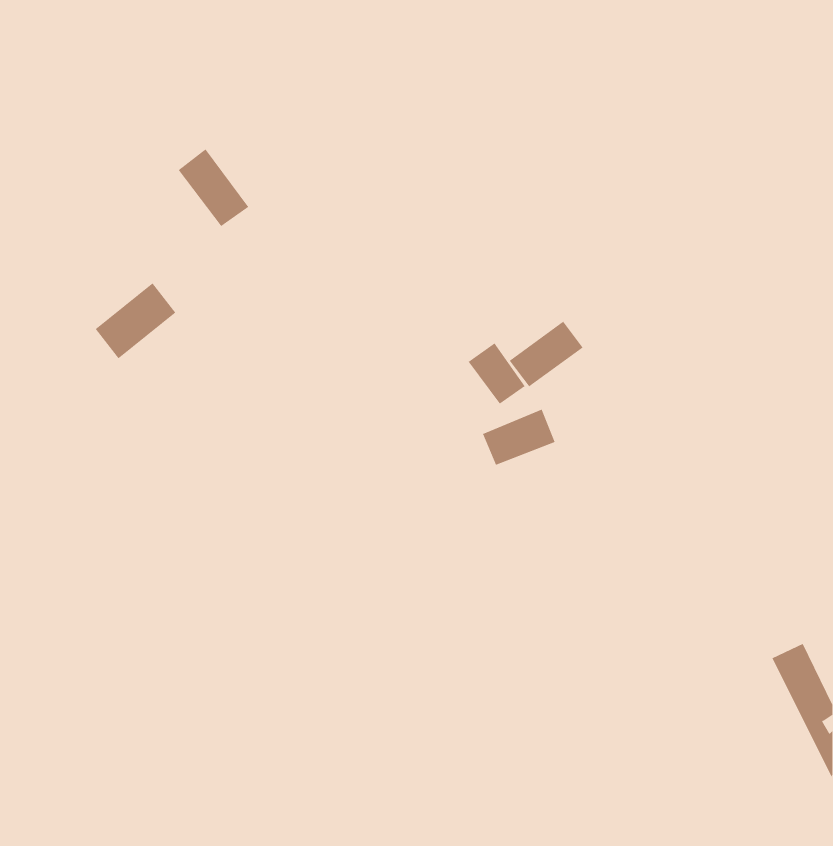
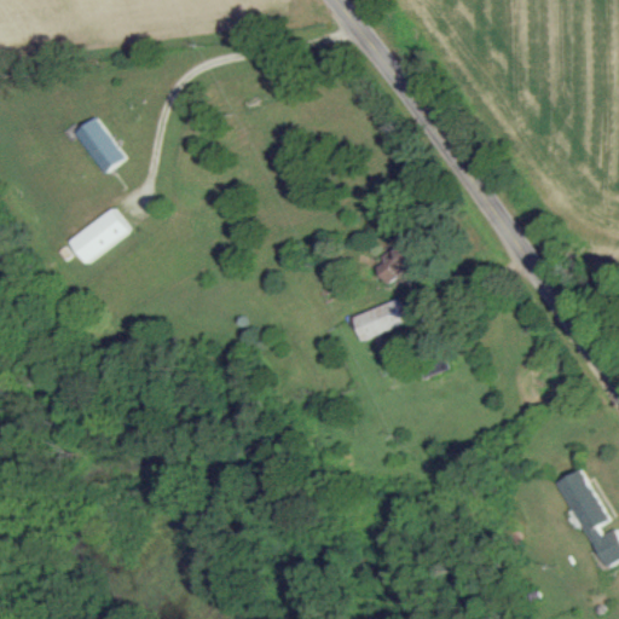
building: [178,149,249,227] -> [70,117,122,174]
building: [468,342,525,404] -> none

